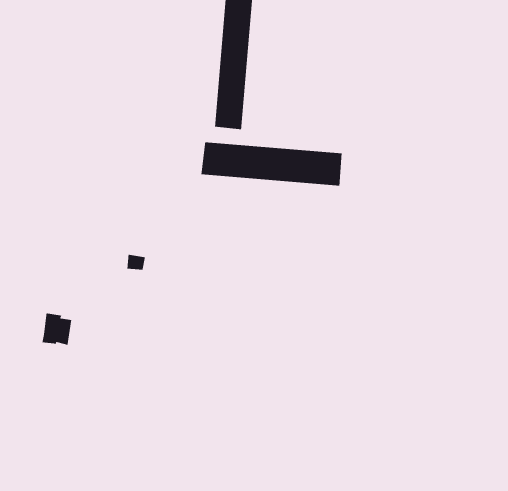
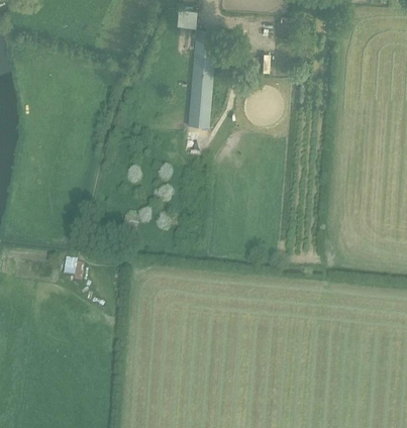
building: [201,141,343,186] -> none

